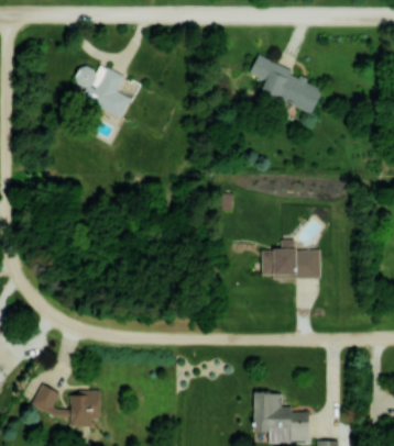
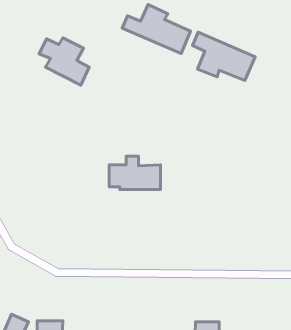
building: none -> [122,4,190,54]
building: [261,239,320,278] -> [109,156,160,190]

